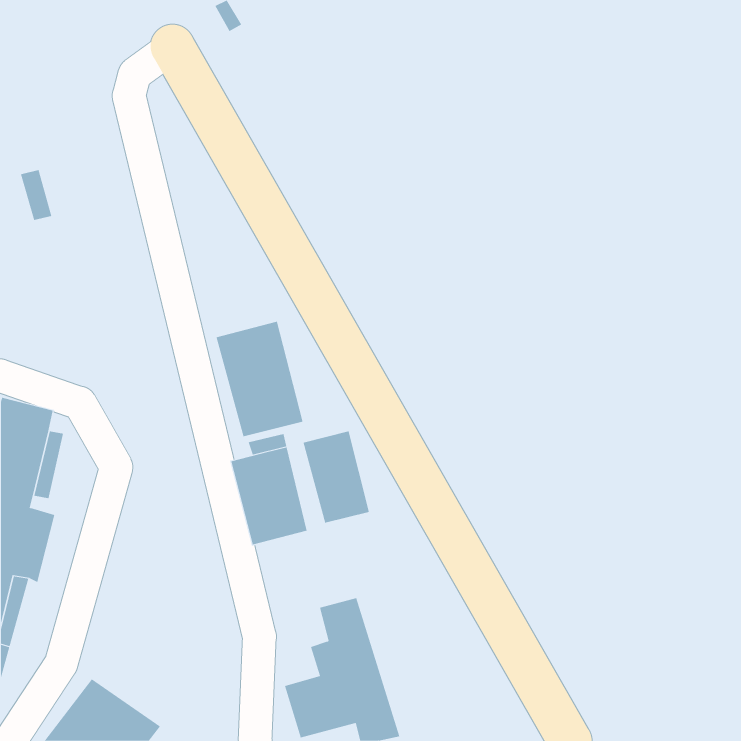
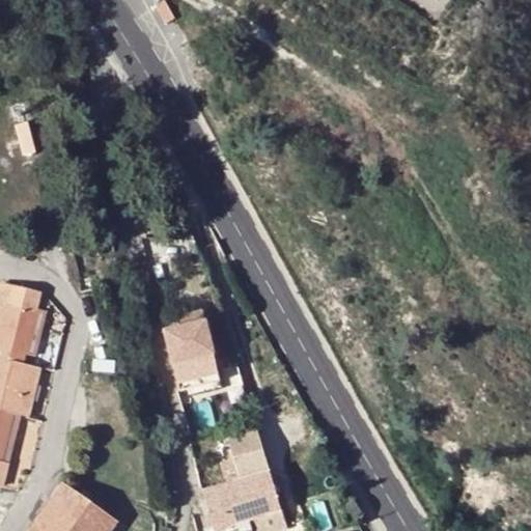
building: [216,321,303,437] -> none
building: [303,430,370,524] -> none

